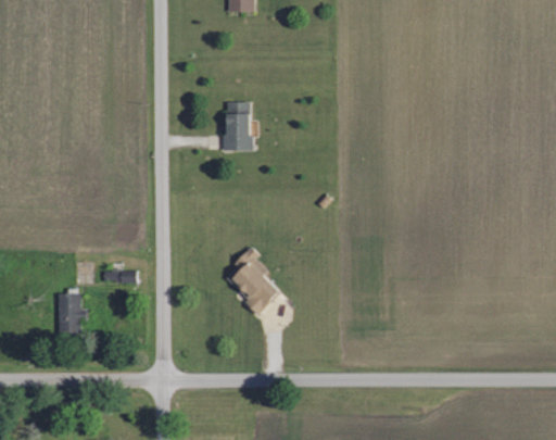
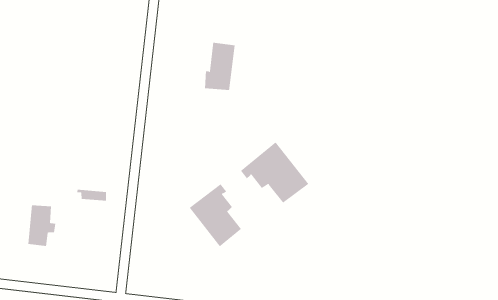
building: none -> [240,142,309,204]

